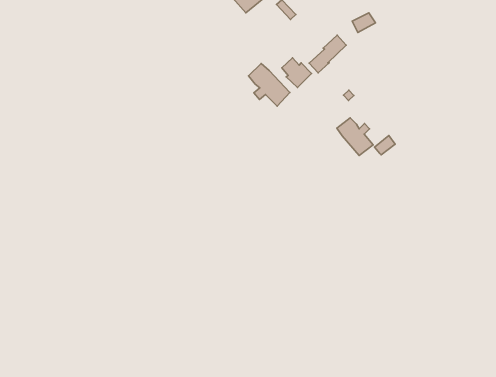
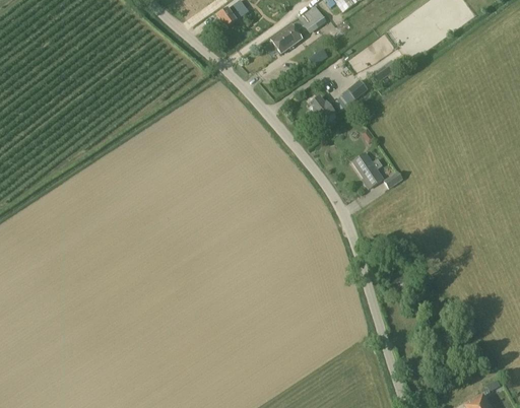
building: [249,63,290,106] -> none

